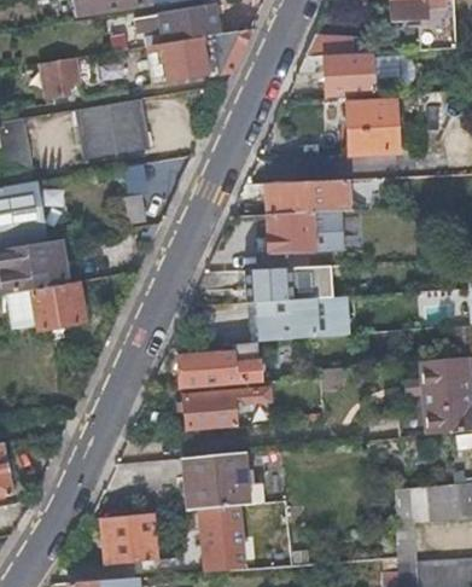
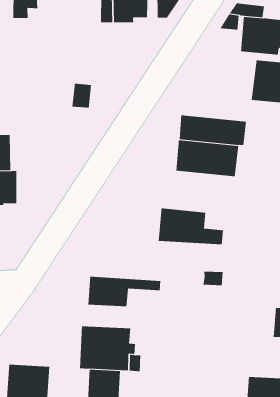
building: [76,98,150,157] -> none
building: [245,266,333,302] -> none
building: [177,342,260,388] -> none

